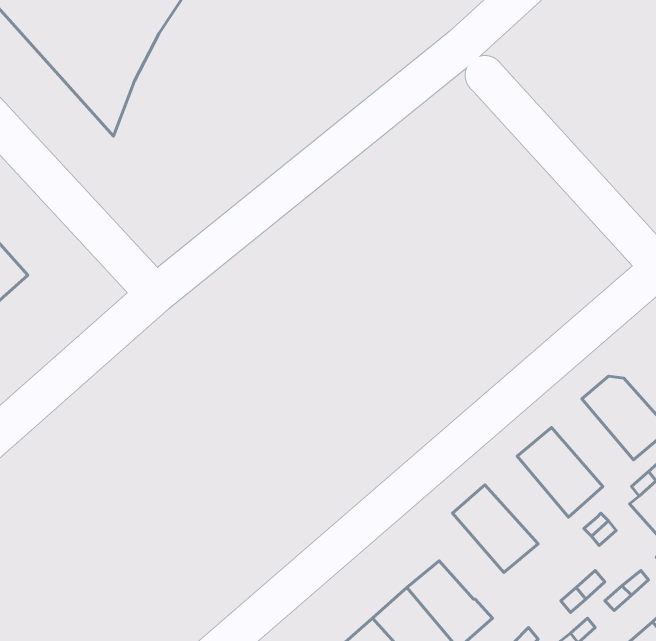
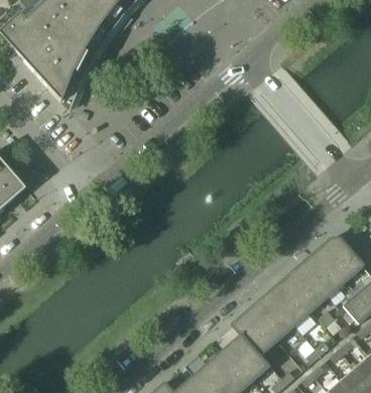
building: none -> [300,249,344,295]
building: none -> [265,279,310,325]
building: none -> [232,309,275,355]

